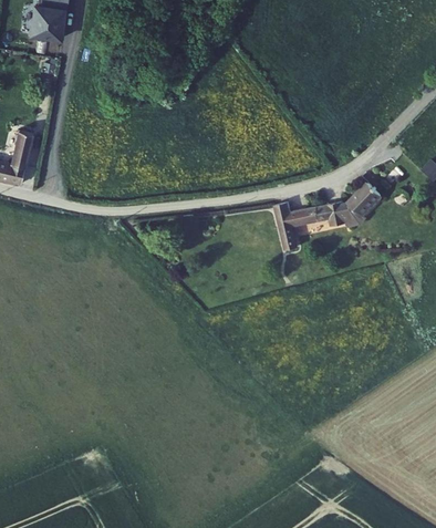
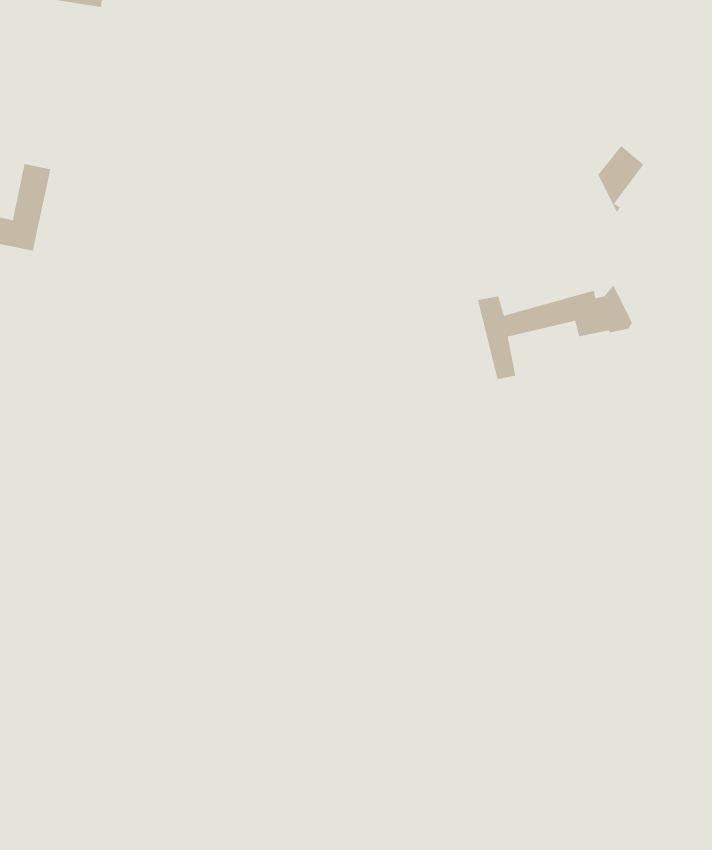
building: [353,182,380,220] -> [597,145,644,213]

